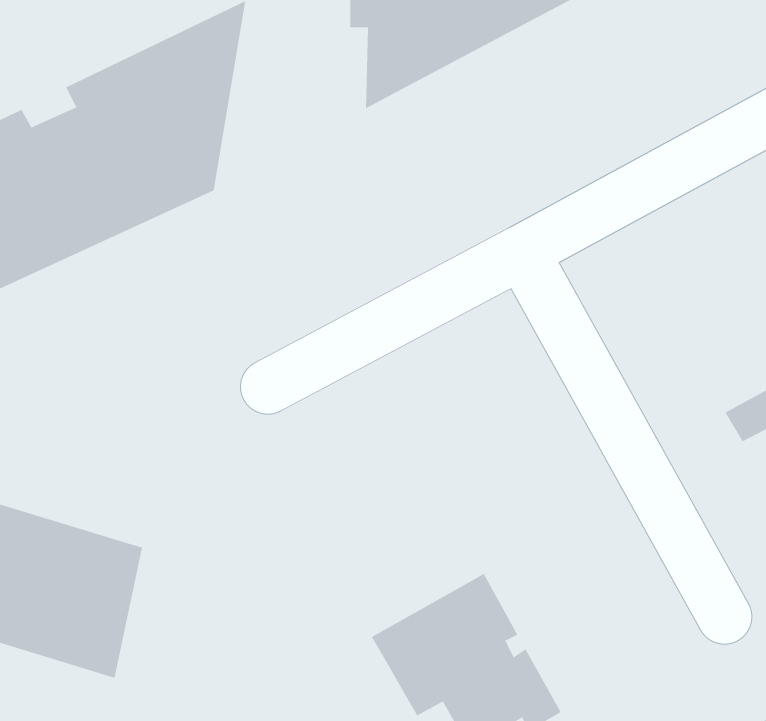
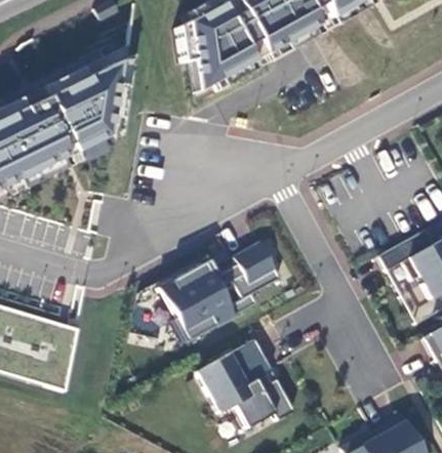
building: none -> [155,242,279,343]

